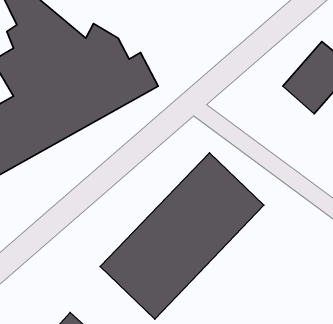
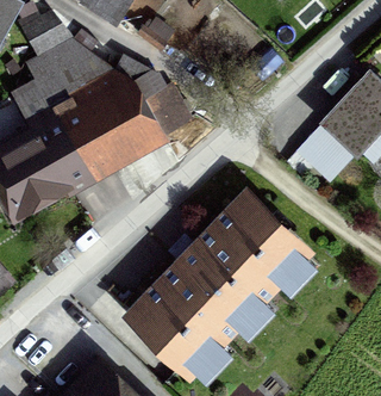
building: none -> [298,128,350,180]

